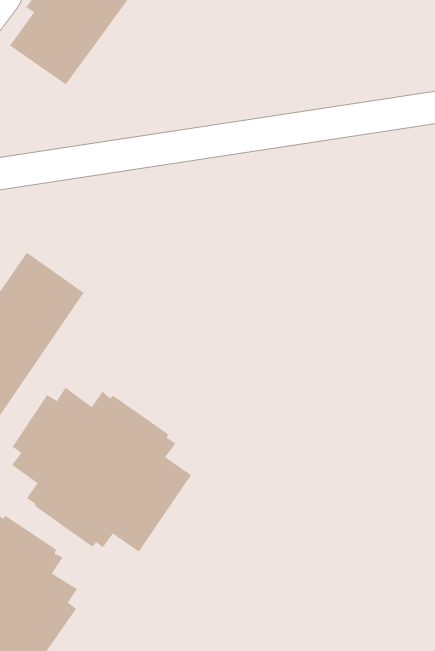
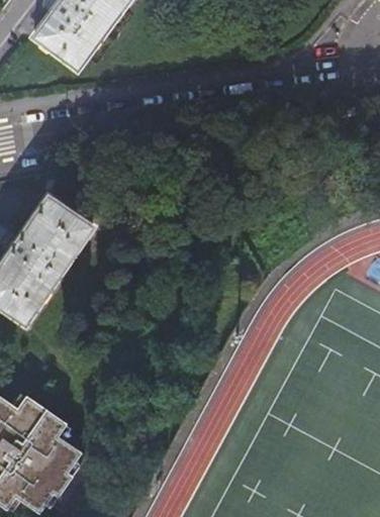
building: [11,387,192,553] -> none

